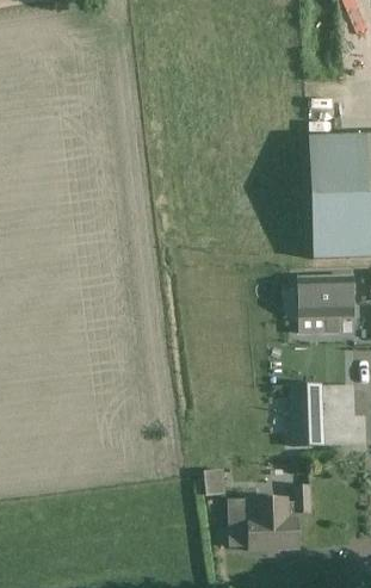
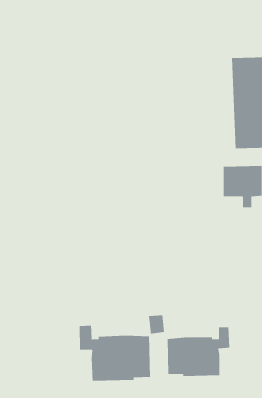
building: [291,380,323,444] -> none
building: none -> [79,325,151,382]

